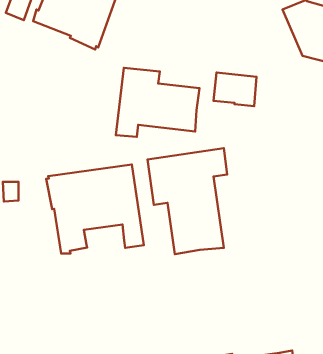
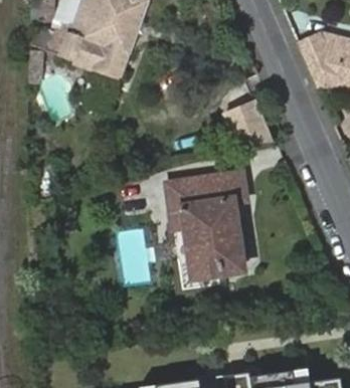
building: [116,68,199,137] -> none
building: [46,164,144,254] -> none

